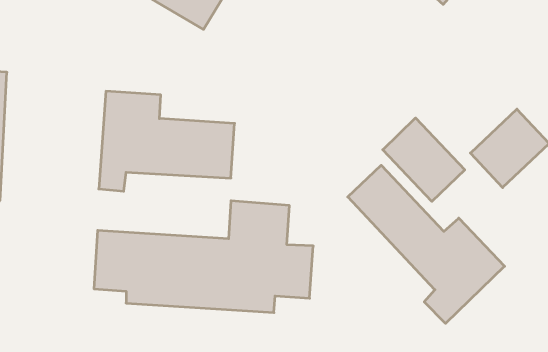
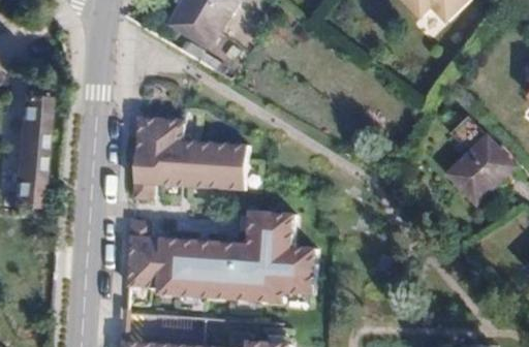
building: [383,118,465,201] -> none
building: [348,165,505,323] -> none

